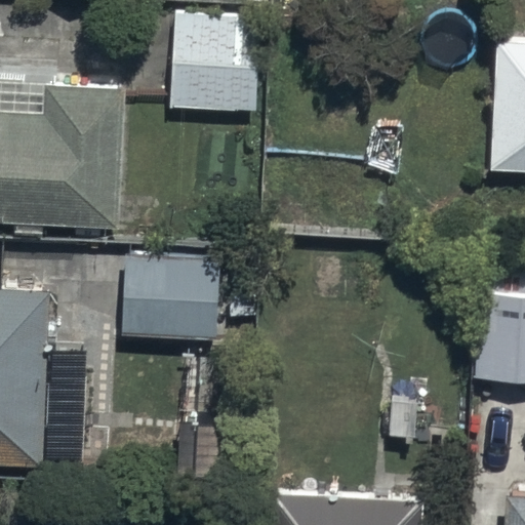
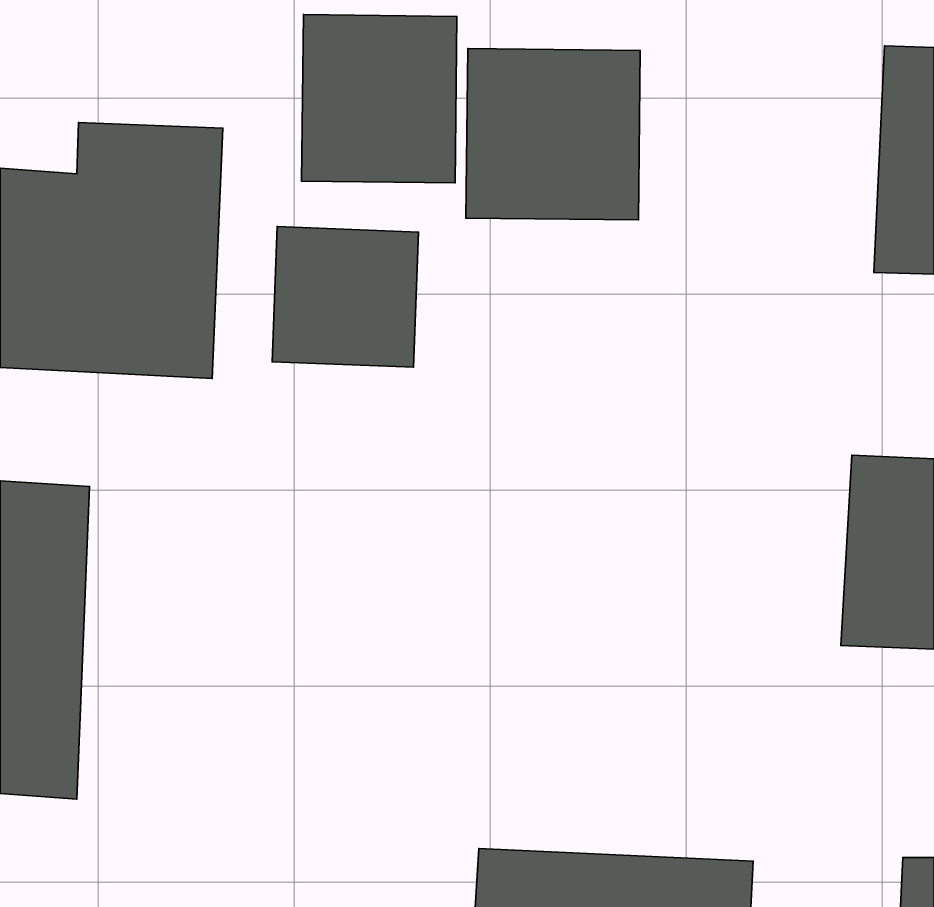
building: none -> [466,48,640,220]
building: none -> [272,227,418,367]
building: [122,262,216,346] -> none

